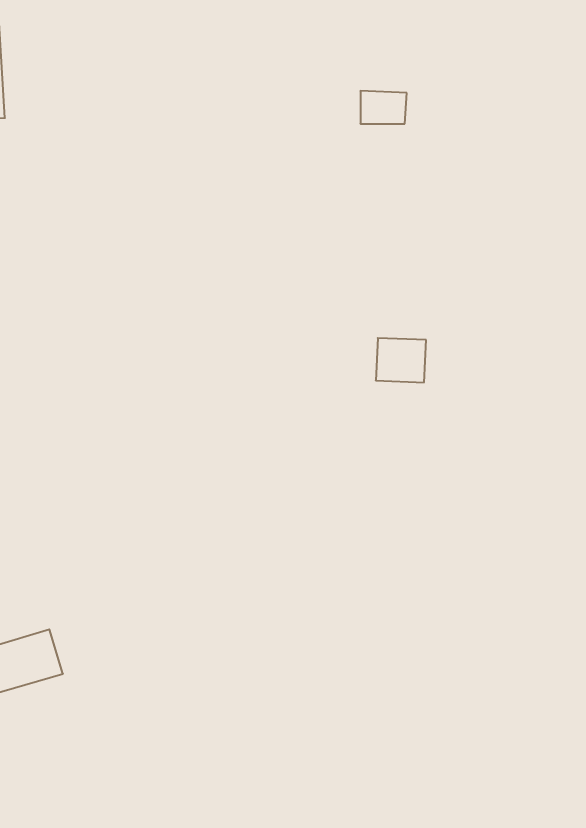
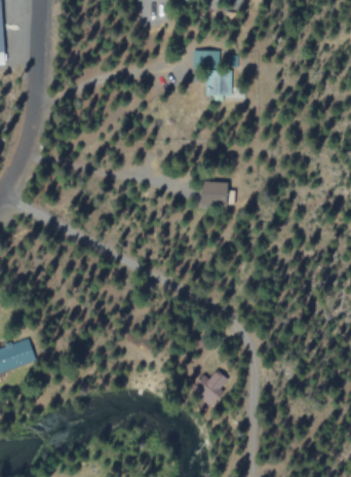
building: none -> [206,70,232,96]
building: none -> [195,369,226,406]

